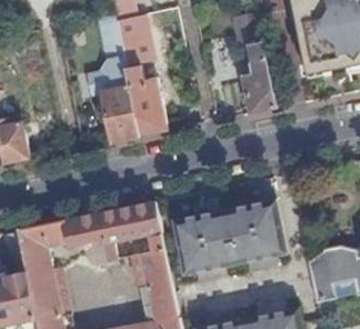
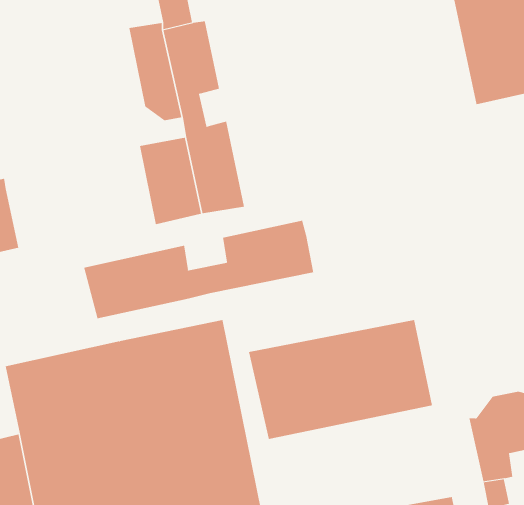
building: [234,13,276,113] -> none
building: none -> [84,220,314,319]

